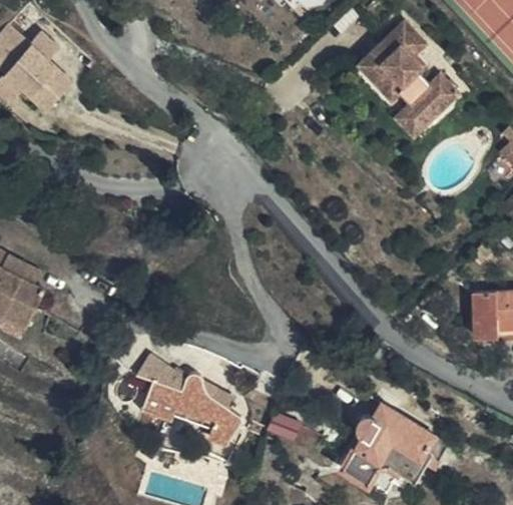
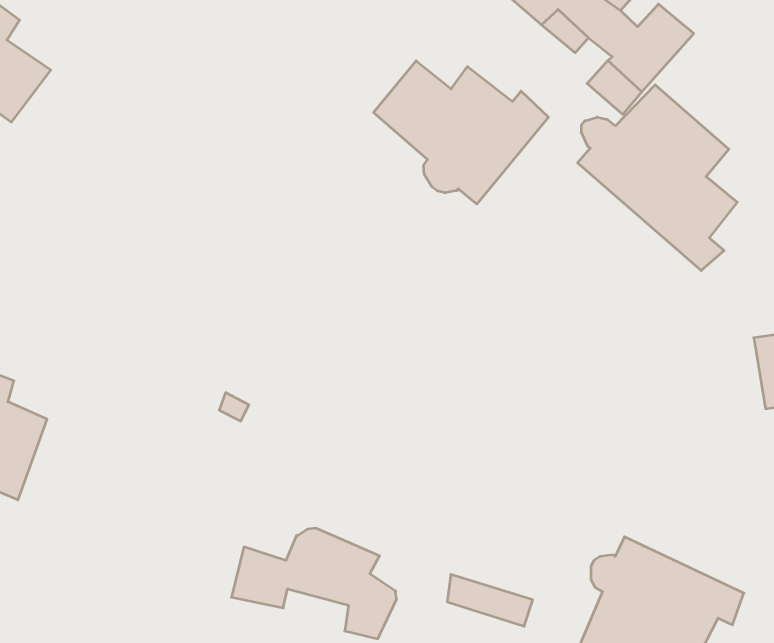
building: none -> [374,61,548,204]
building: none -> [578,85,737,271]
building: [135,354,185,392] -> none

